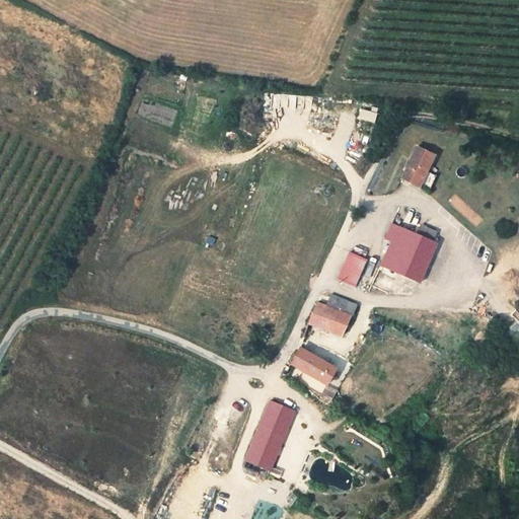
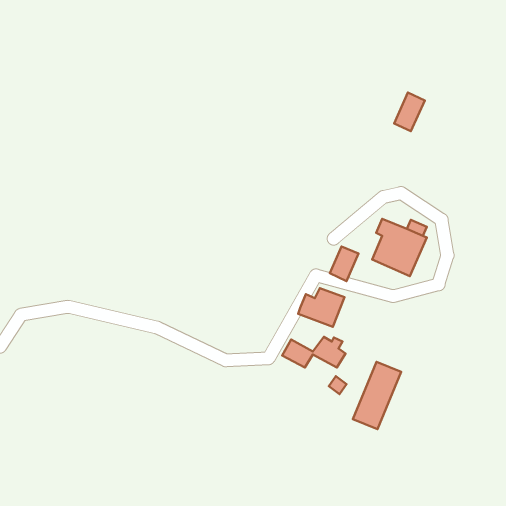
building: [402,147,434,187] -> [394,93,425,131]
building: [245,401,295,470] -> [353,362,401,429]

